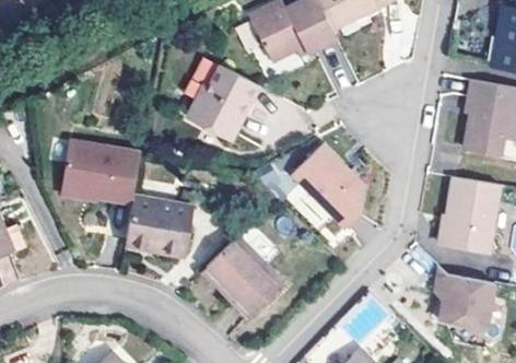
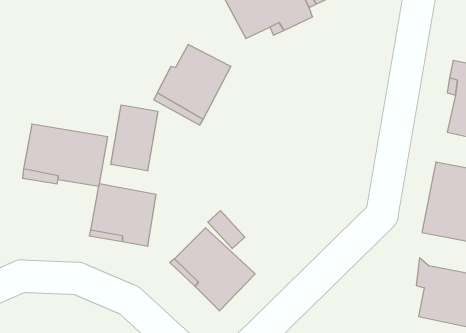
building: none -> [111,105,158,171]
building: [294,141,366,225] -> none

